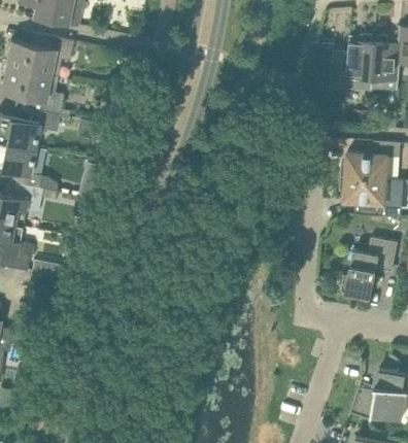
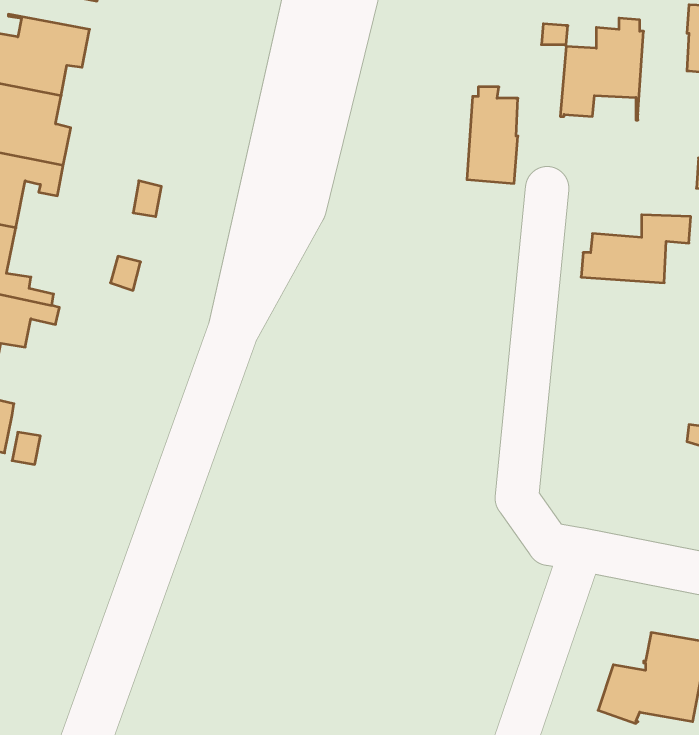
building: [372,36,400,89] -> [467,87,518,183]
building: [340,175,397,216] -> none
building: [341,237,398,296] -> none

